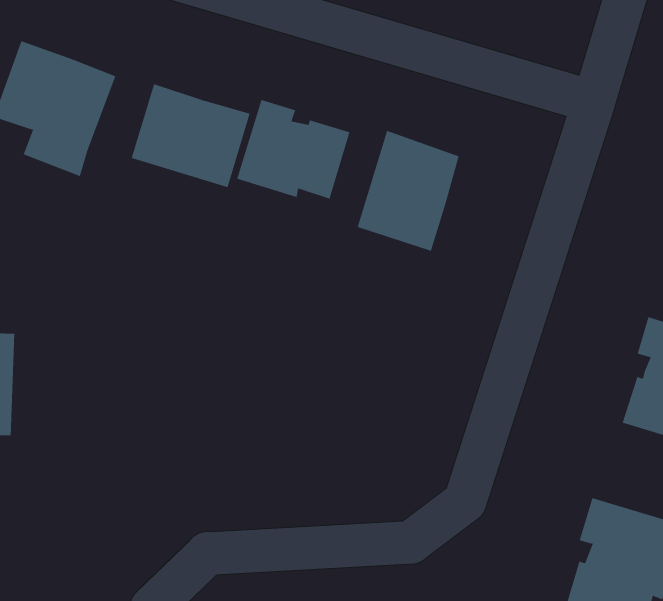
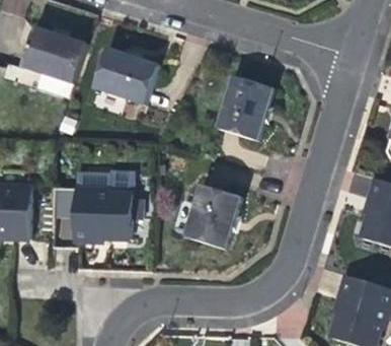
building: [236,99,350,199] -> none
building: none -> [183,184,239,249]
building: none -> [71,186,140,240]

